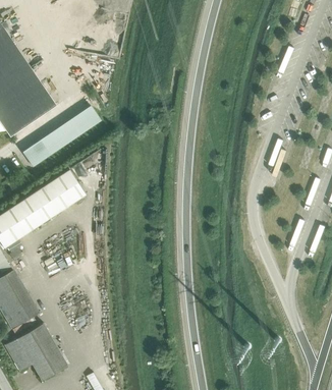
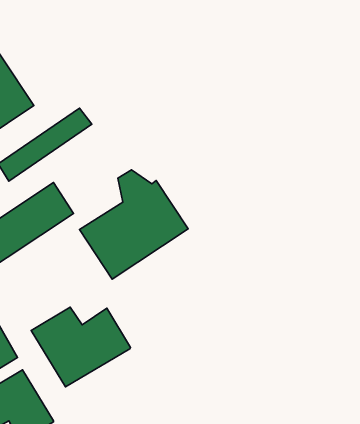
building: none -> [80,170,188,279]
building: none -> [31,307,131,387]

